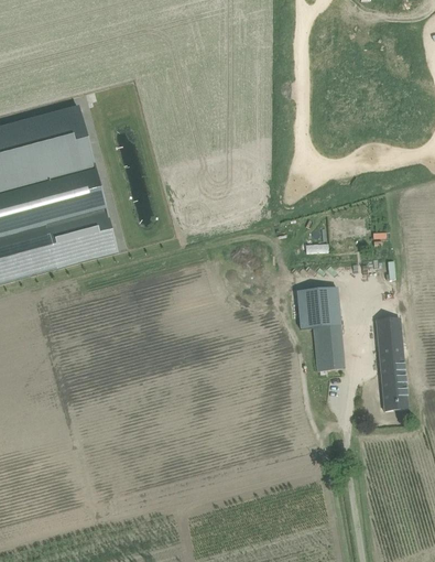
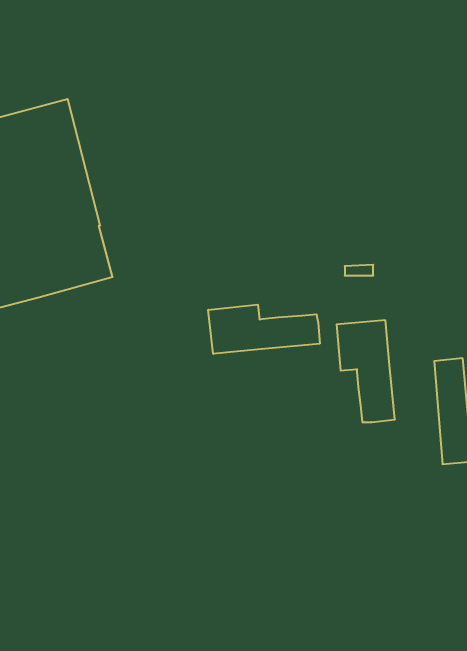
building: none -> [208,305,320,354]

